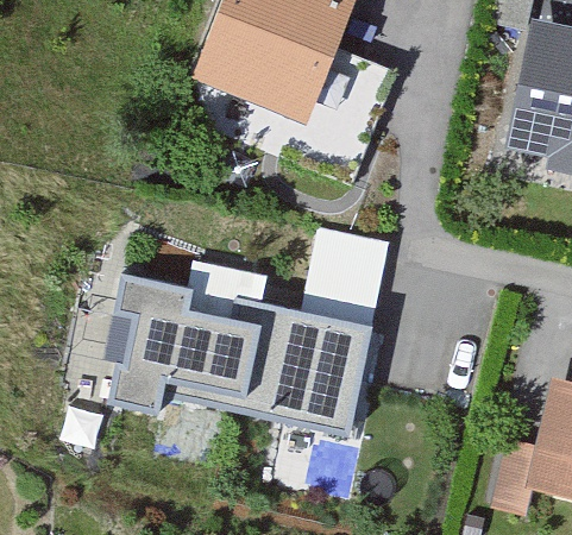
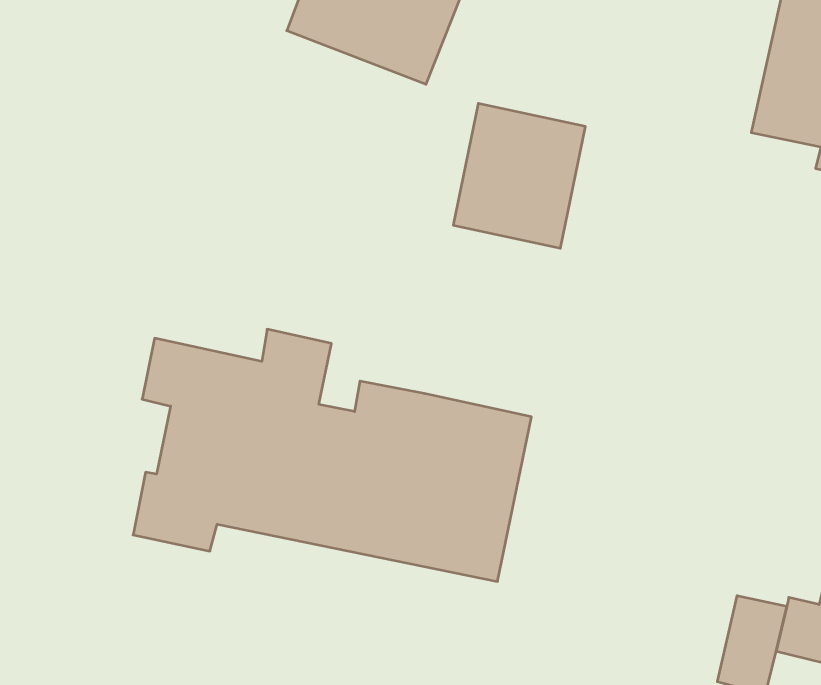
building: [301,226,389,322] -> [453,103,585,248]

